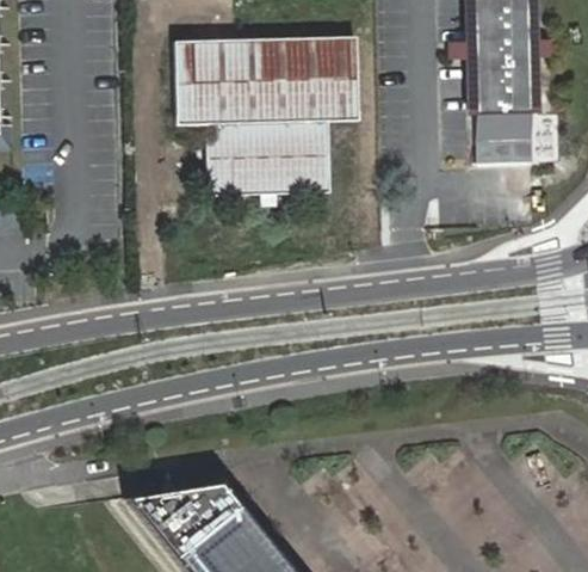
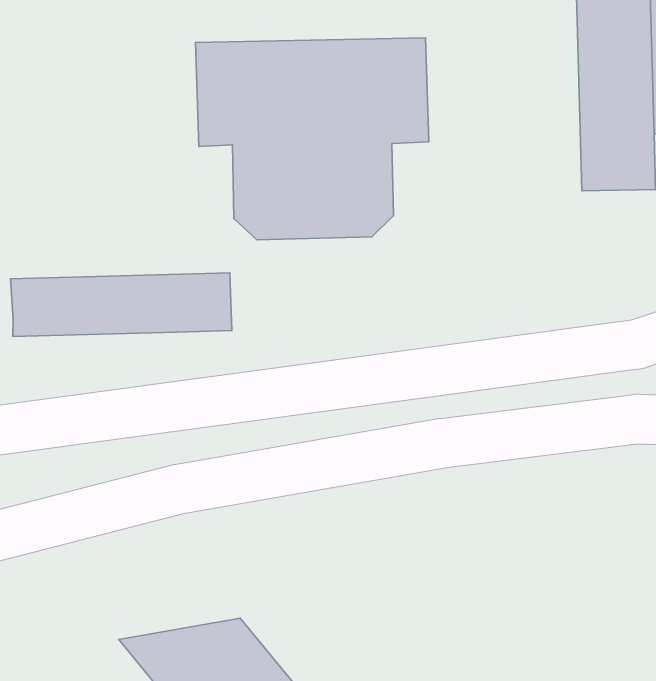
building: none -> [11,273,232,336]

